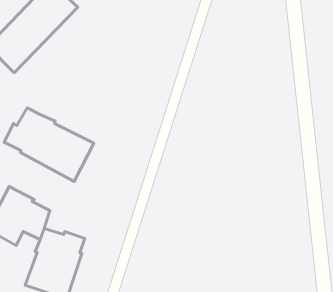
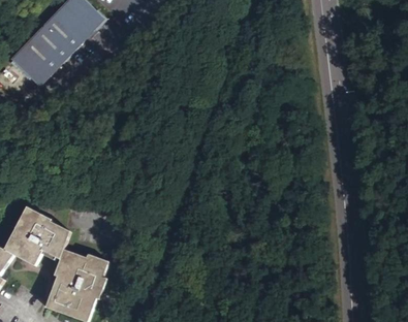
building: [4,108,94,181] -> none

